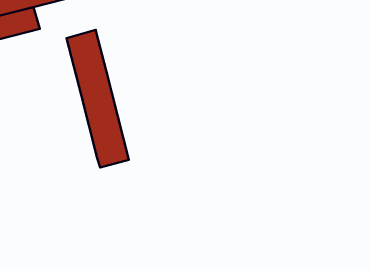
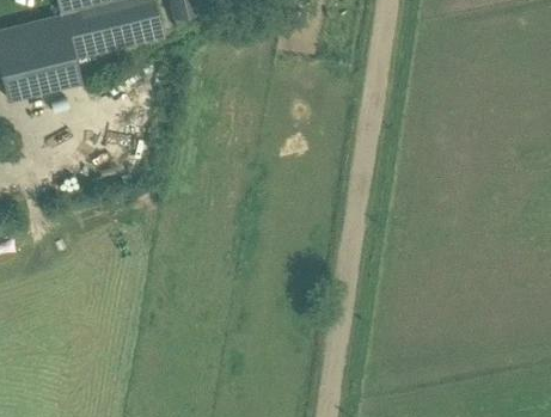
building: [67,30,129,167] -> none

